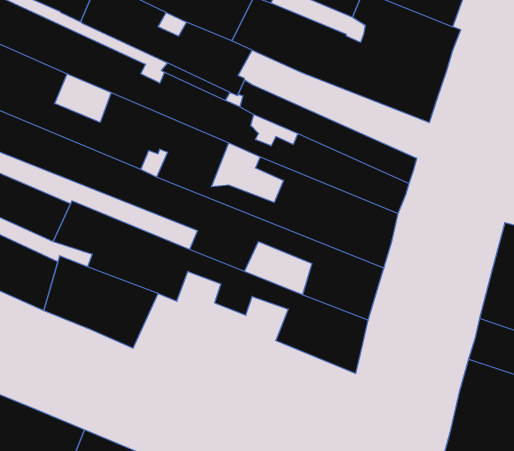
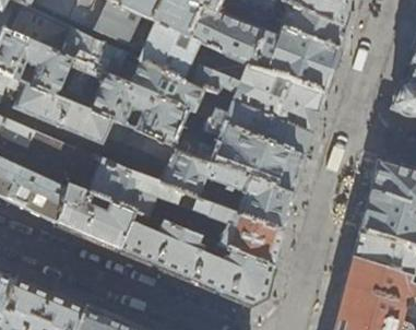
building: none -> [201,58,324,118]
building: none -> [118,212,273,305]

